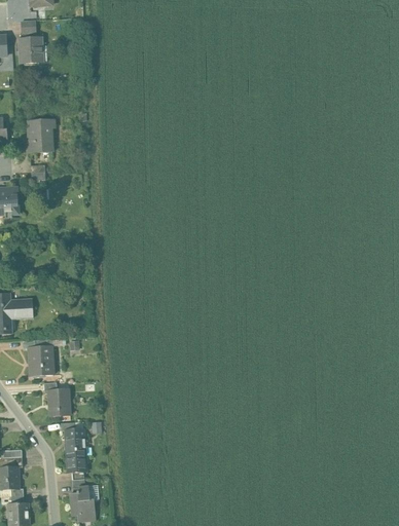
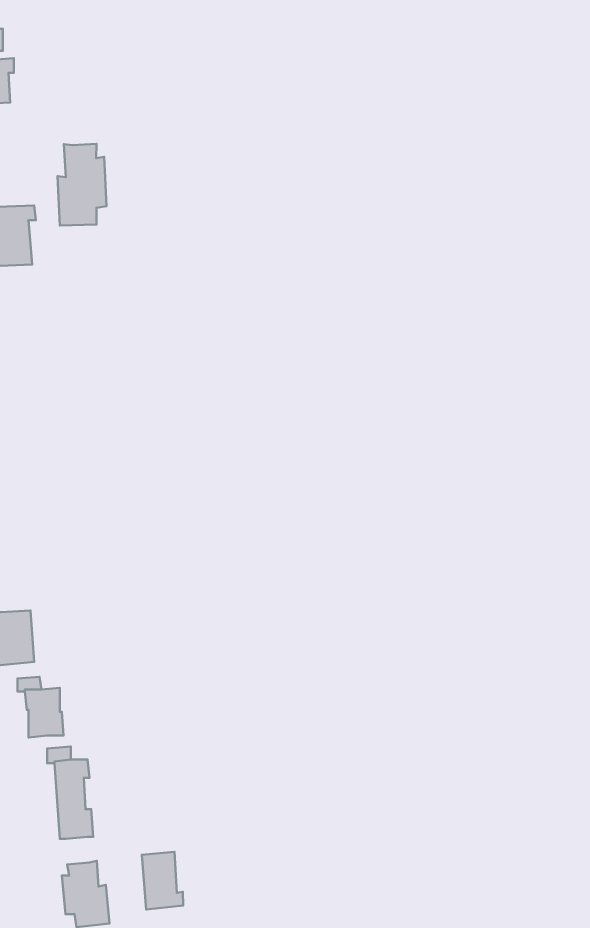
building: none -> [58,144,106,225]
building: none -> [142,852,183,909]

